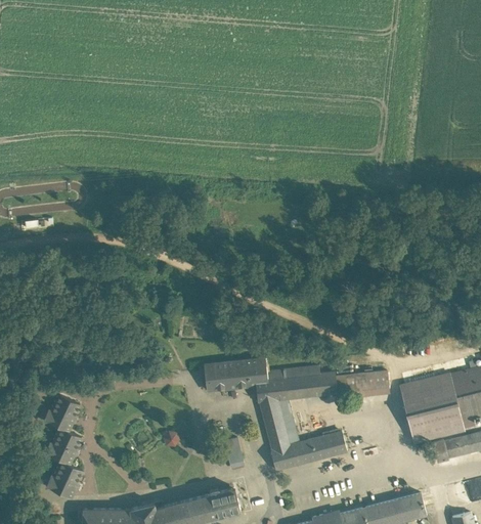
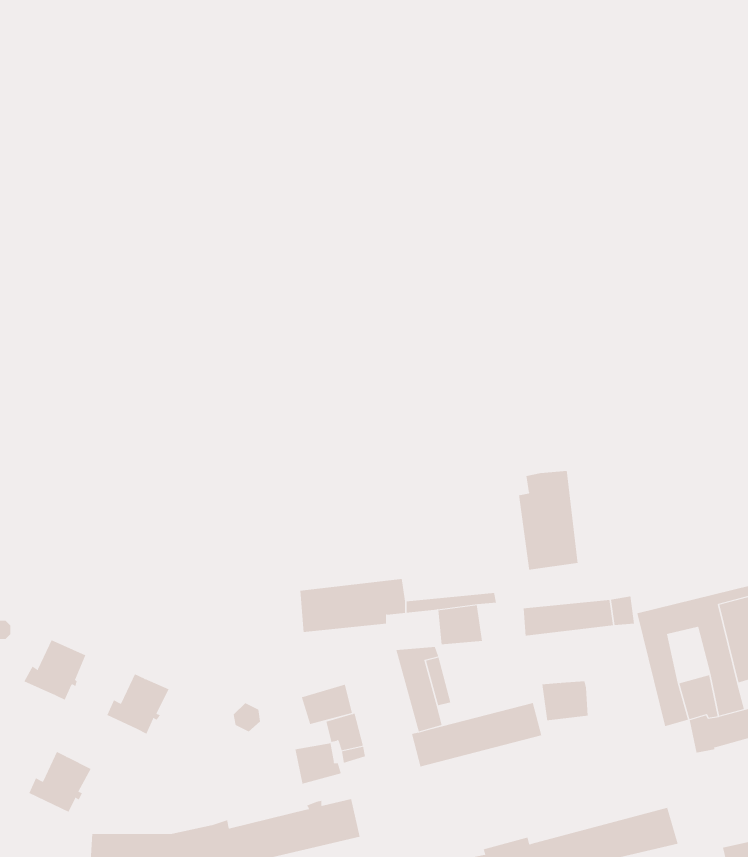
building: none -> [518,470,578,571]
building: [309,373,337,396] -> [541,681,589,721]
building: [256,378,288,402] -> none
building: [421,388,445,421] -> none
building: none -> [301,684,353,725]
building: [45,428,82,464] -> [107,673,170,735]
building: none -> [295,743,342,784]

